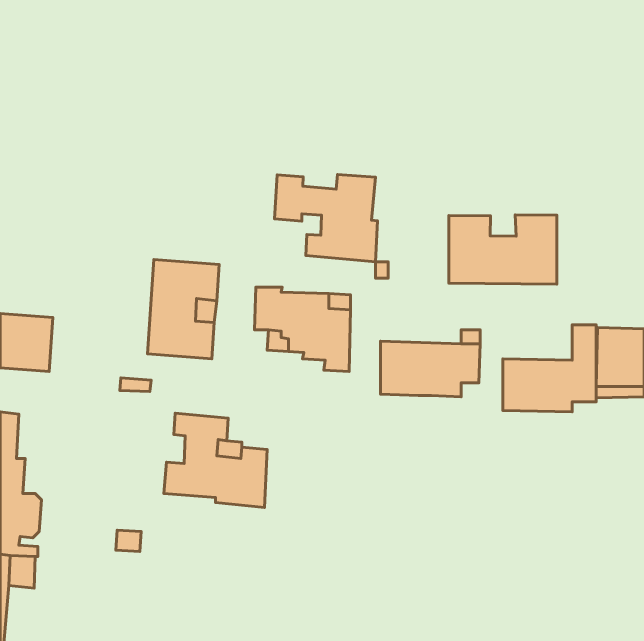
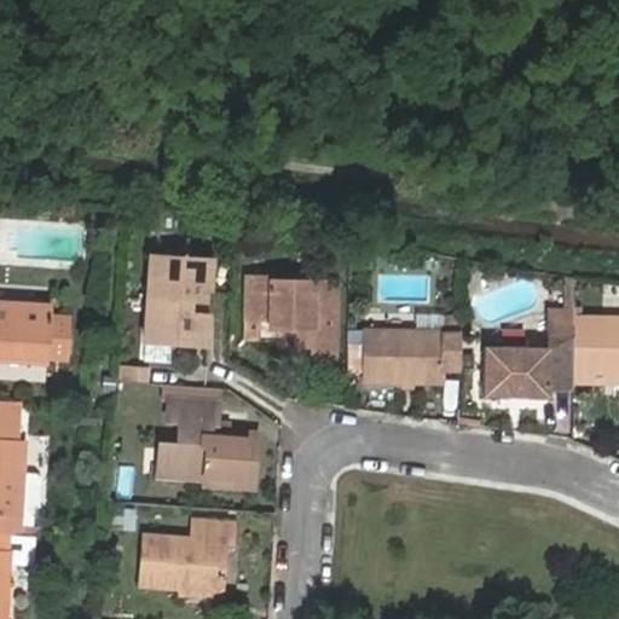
building: [275,175,378,262] -> none
building: [449,215,557,284] -> none
building: none -> [141,521,233,592]

